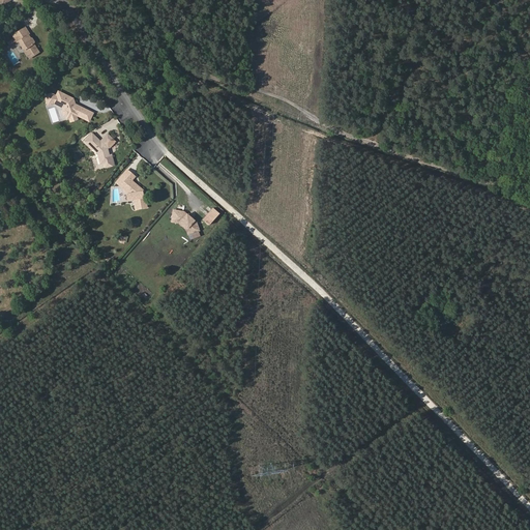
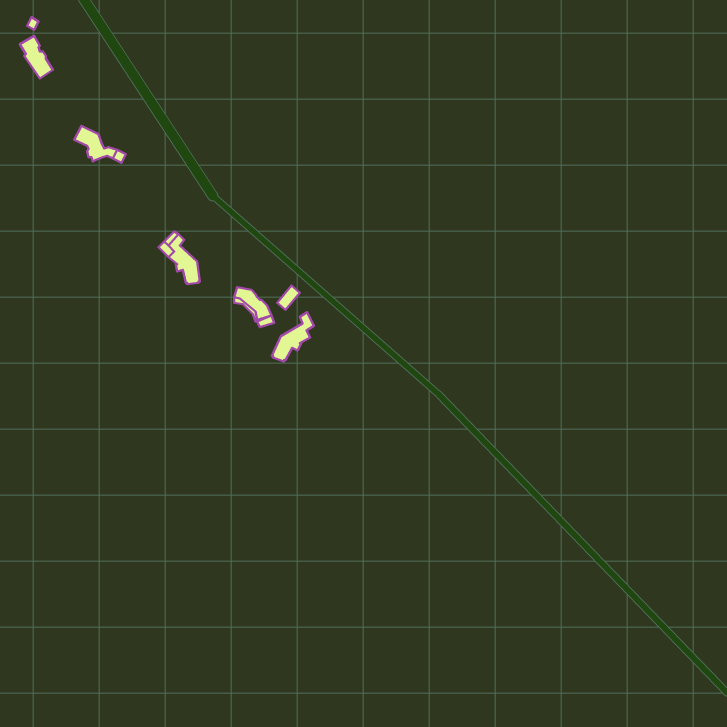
building: [88,134,120,167] -> none
building: none -> [272,312,314,361]

